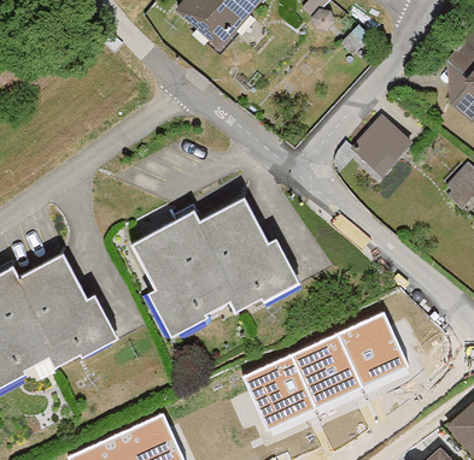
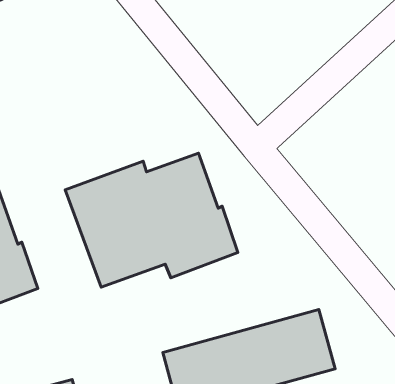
building: [350,113,416,179] -> none

